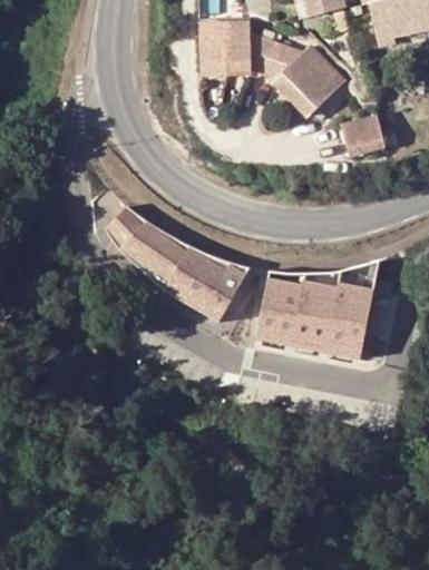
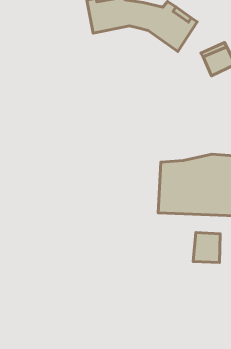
building: [108,204,250,321] -> none
building: none -> [193,233,220,263]

